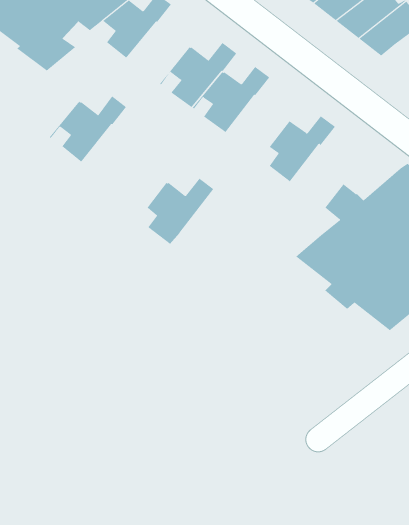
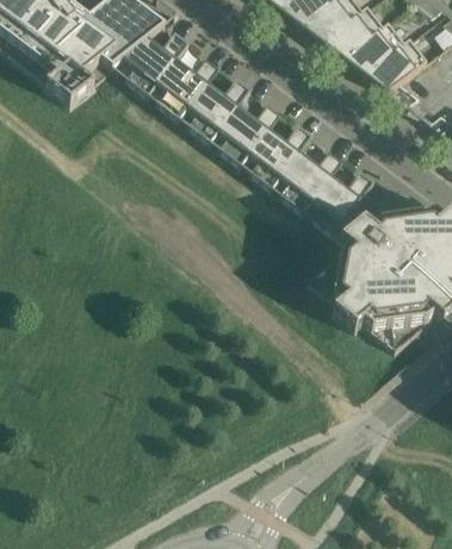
building: [49,96,127,162] -> [145,54,219,117]
building: none -> [301,169,377,233]
building: [137,178,214,245] -> [240,124,312,187]

